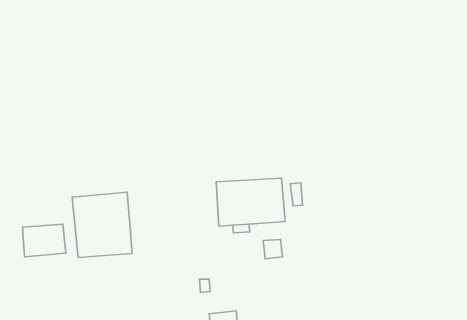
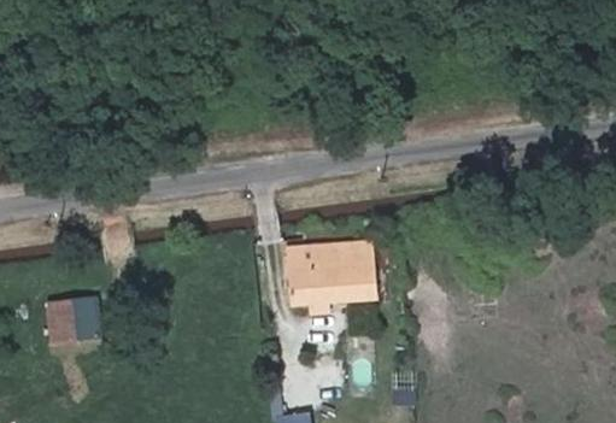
building: [72,192,132,257] -> none

